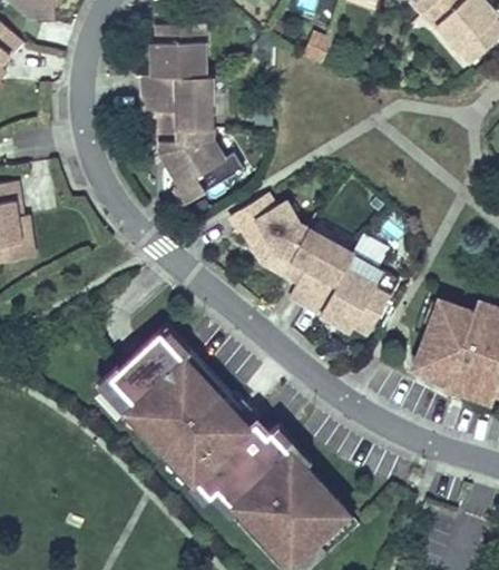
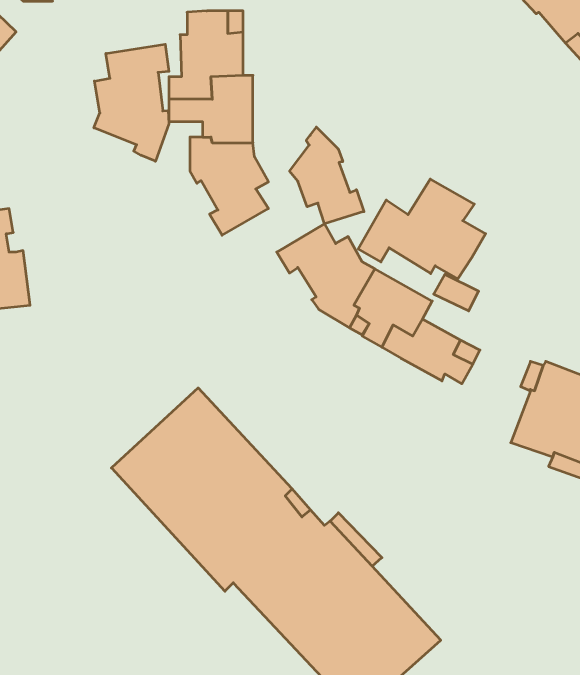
building: none -> [94,44,169,161]
building: none -> [290,127,364,224]
building: none -> [358,179,486,279]

